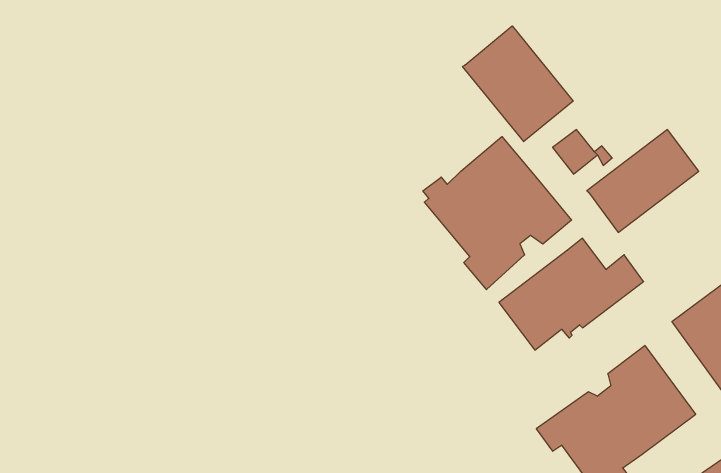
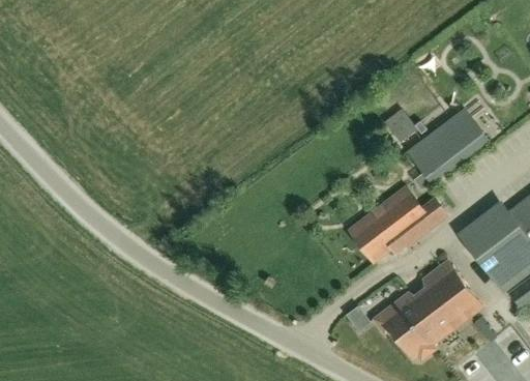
building: [463,26,573,142] -> none
building: [423,137,572,290] -> none

